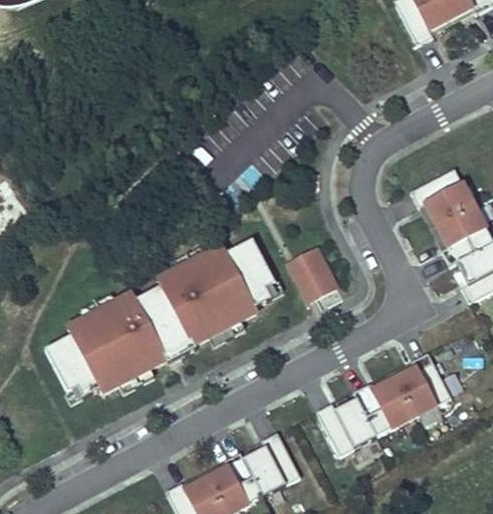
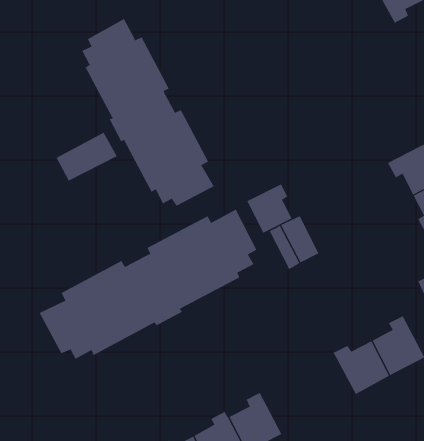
building: none -> [82,18,214,207]
building: none -> [56,132,118,181]
building: none -> [246,183,292,234]
building: [317,398,378,454] -> none

